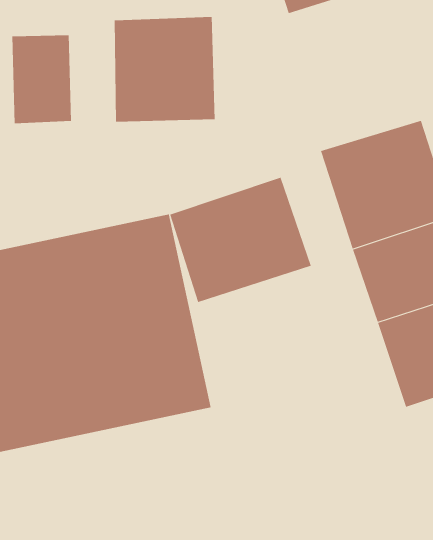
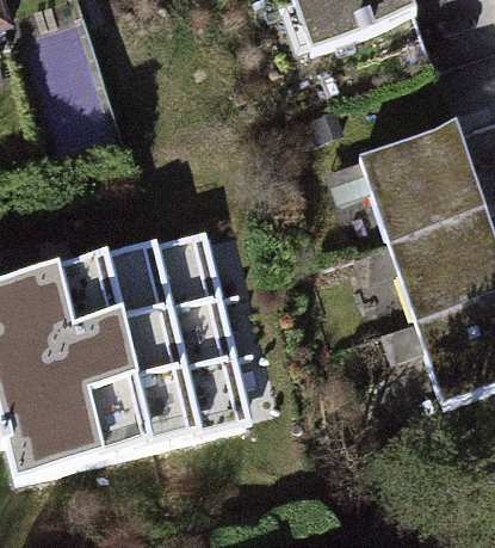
building: [114,16,215,122] -> none
building: [170,177,311,303] -> none

